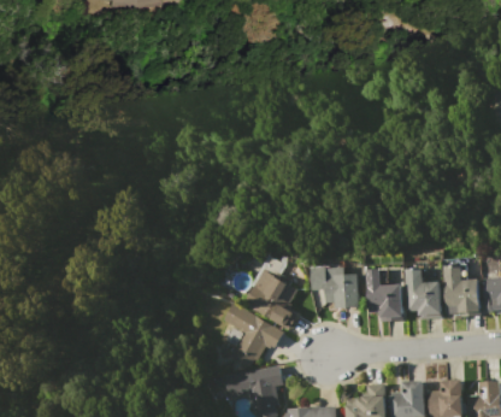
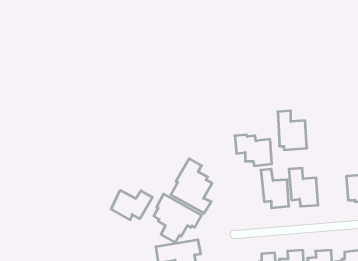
building: [443,265,483,318] -> [278,111,307,150]
building: [310,266,360,309] -> [235,135,272,166]
building: none -> [111,190,152,220]

